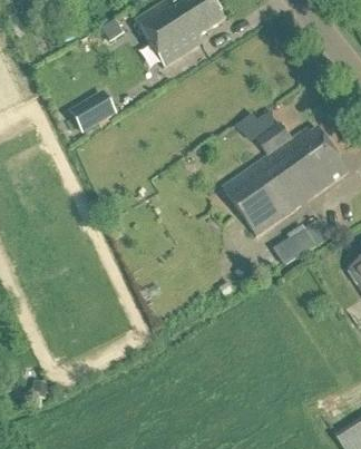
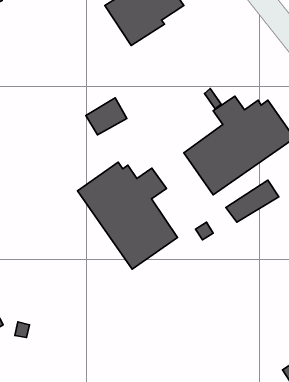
building: [67,90,114,133] -> [86,98,127,135]
building: none -> [78,162,177,269]

